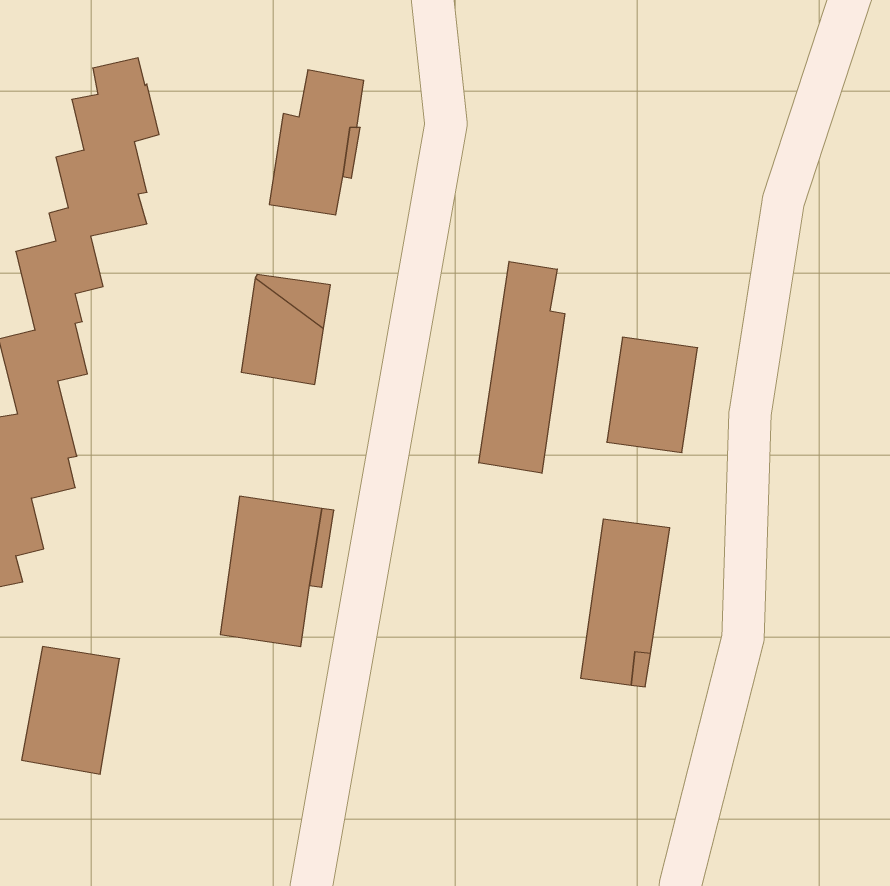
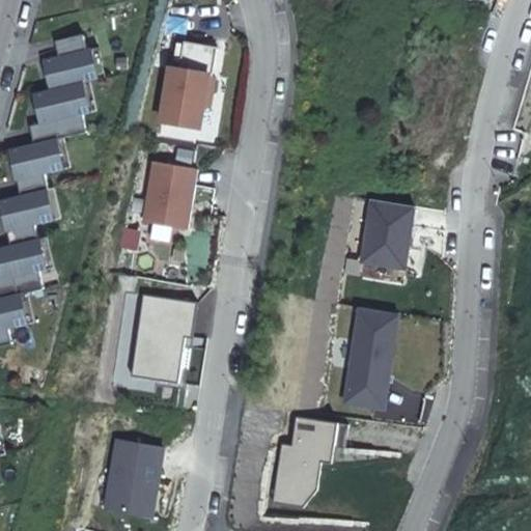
building: [479,261,565,473] -> none
building: [22,647,120,774] -> [105,441,163,516]
building: none -> [271,417,346,508]

